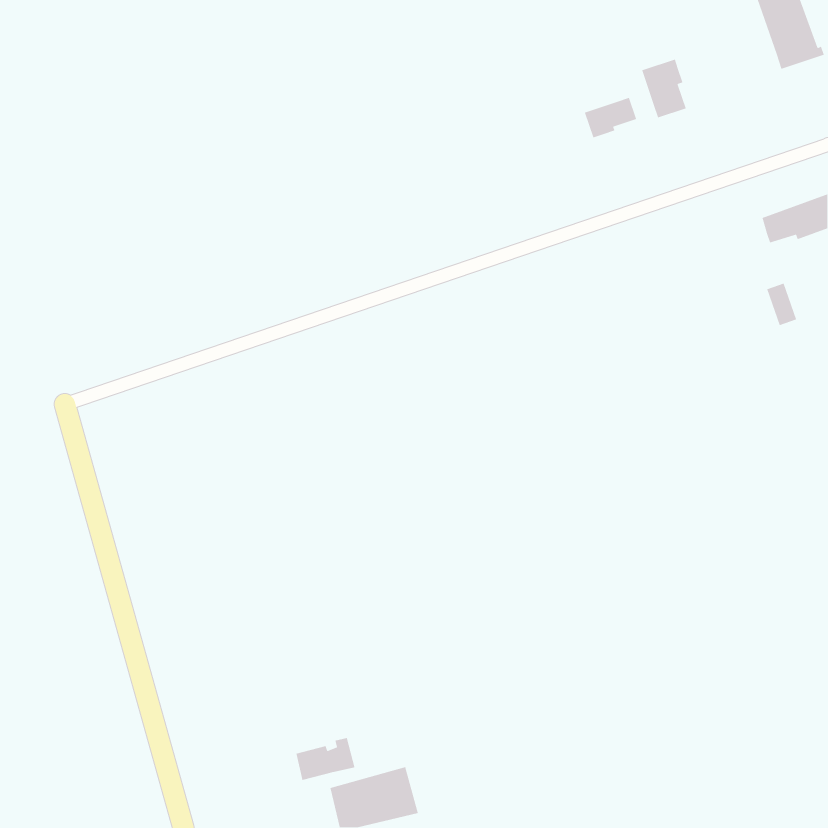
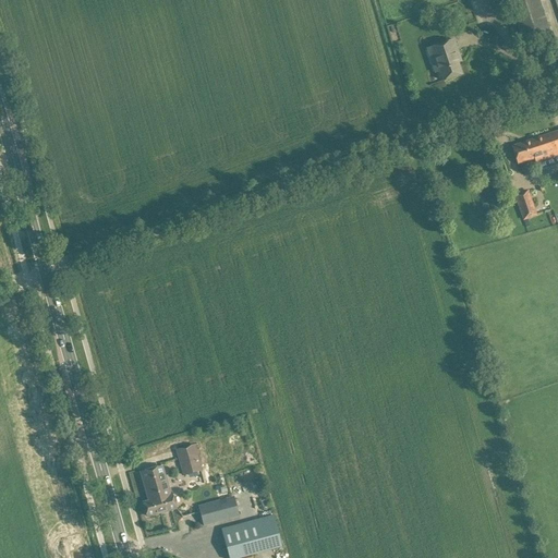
building: [584,97,637,138] -> none
building: none -> [175,444,202,475]
building: none -> [141,465,175,515]

